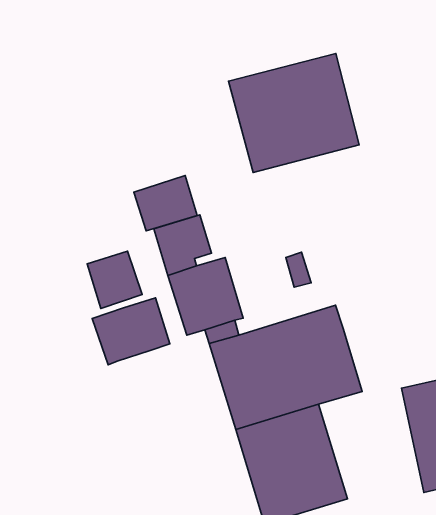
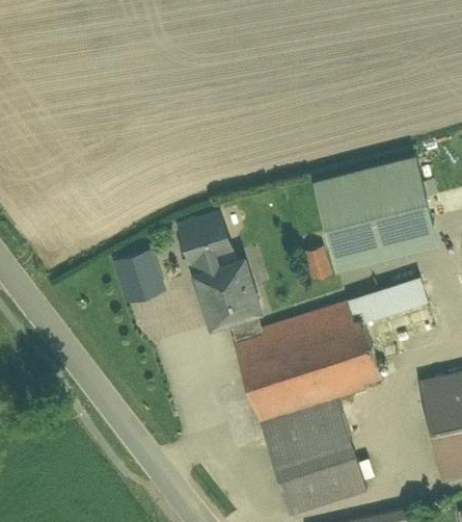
building: [229,54,359,173] -> [314,155,441,271]
building: [134,176,197,231] -> none
building: none -> [355,280,429,322]
building: [92,298,170,365] -> none

